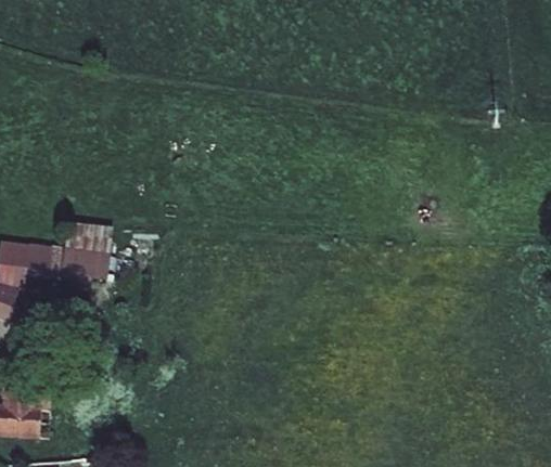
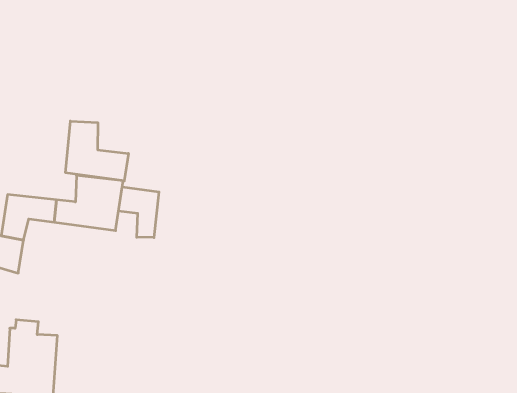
building: none -> [66,121,128,181]
building: none -> [119,187,159,238]

